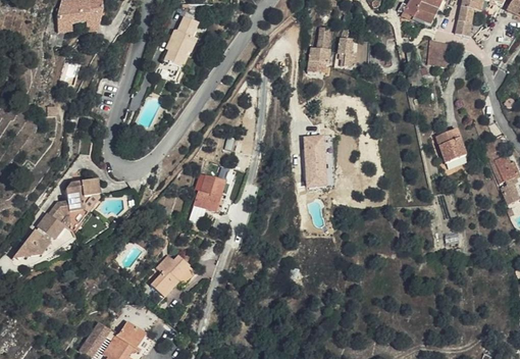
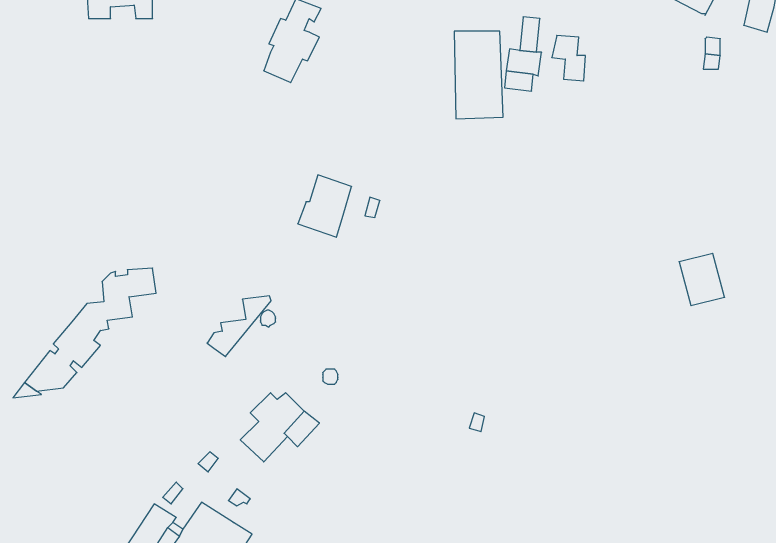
building: [438,130,466,161] -> [679,253,725,306]
building: [304,134,333,187] -> [454,31,503,119]
building: [192,173,224,211] -> [298,175,352,237]
building: [60,194,99,230] -> [207,296,271,357]

